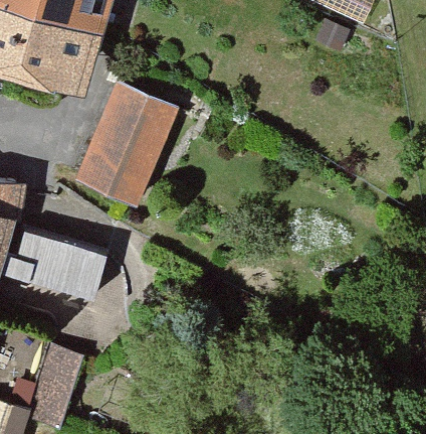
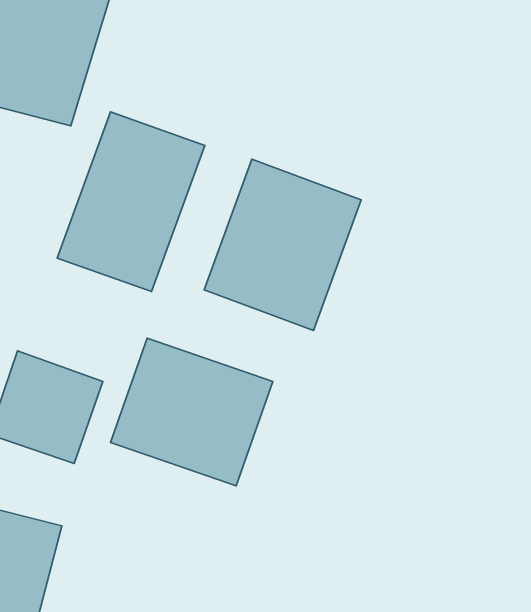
building: none -> [204,159,361,330]
building: none -> [110,338,273,486]

